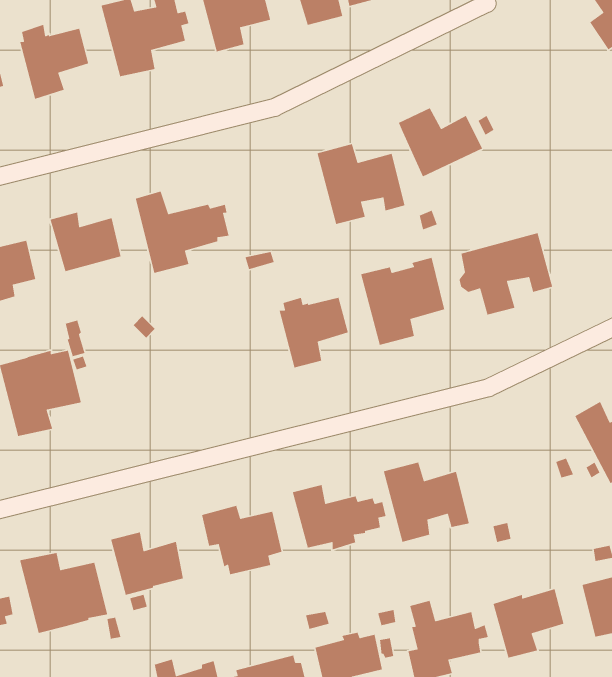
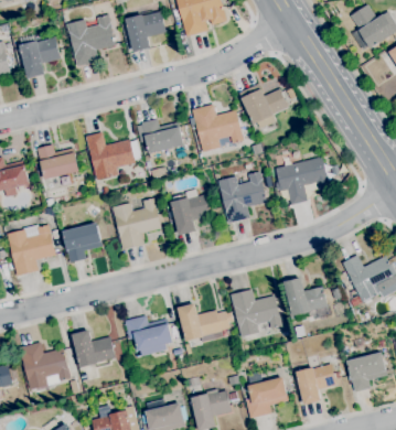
building: none -> [137,119,183,160]
building: none -> [113,198,161,250]
building: none -> [62,223,103,264]
building: none -> [283,278,328,316]

